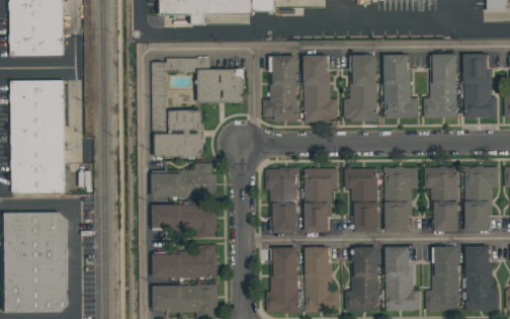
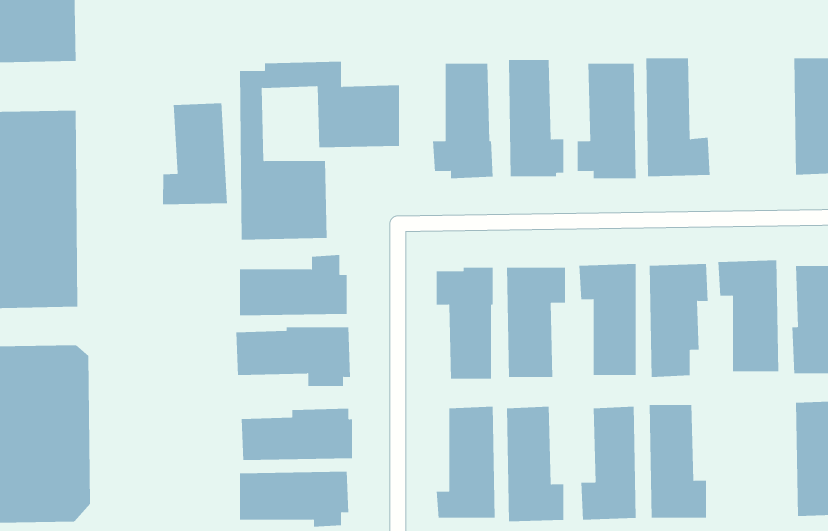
building: [423,55,455,118] -> none
building: none -> [163,102,228,205]
building: [425,249,456,312] -> none

